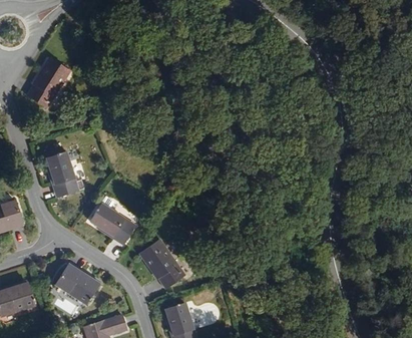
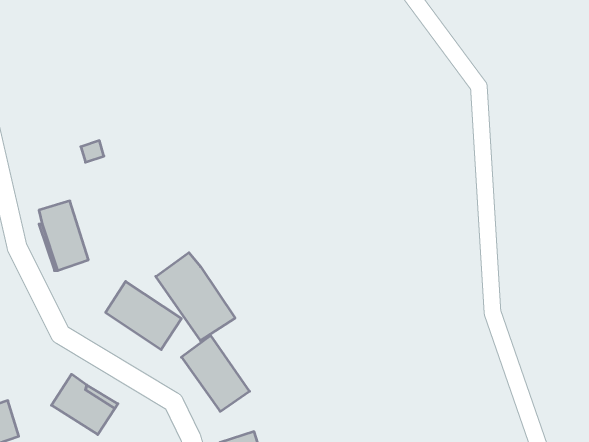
building: [32,55,74,105] -> none
building: none -> [156,253,235,341]

